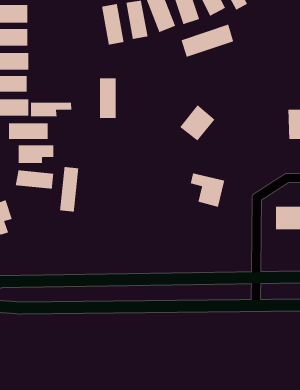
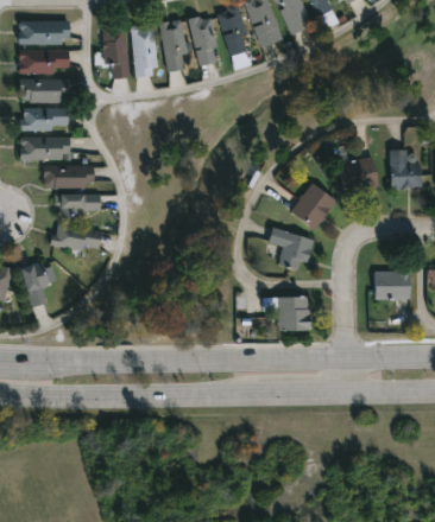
building: none -> [102,26,127,77]
building: [181,24,234,58] -> none
building: [99,78,117,119] -> [133,24,155,75]
building: [30,102,72,117] -> none
building: [179,104,216,142] -> [291,182,336,228]
building: none -> [339,155,379,193]
building: [59,166,79,212] -> none
building: none -> [278,297,310,331]

